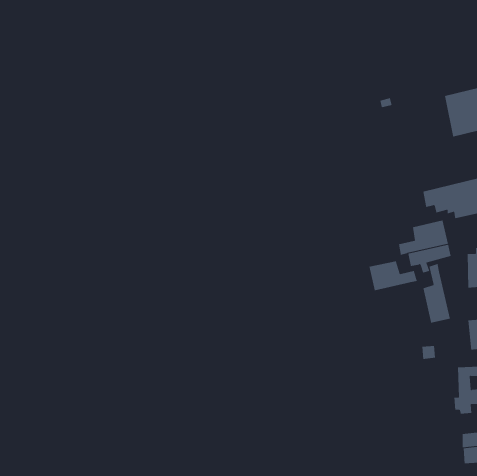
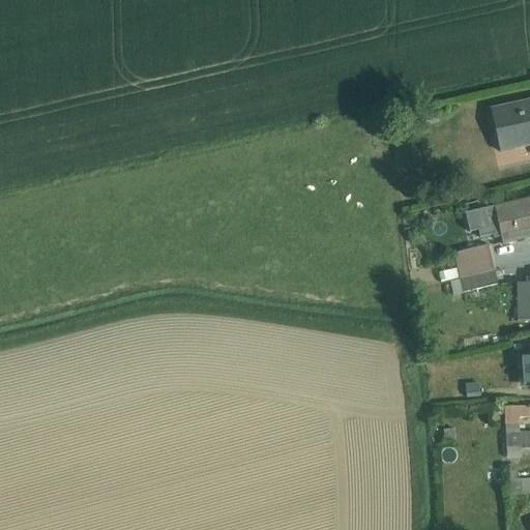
building: [369,260,417,291] -> none
building: [423,263,450,324] -> none

